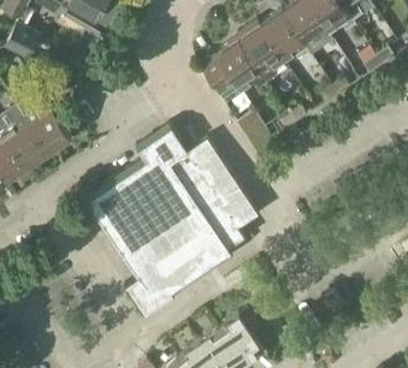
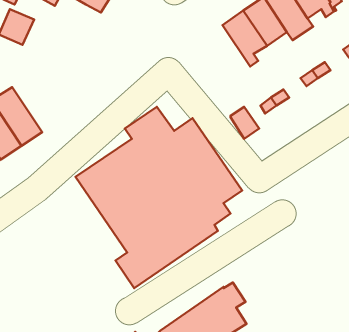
building: [201,41,267,102] -> none
building: [18,101,73,153] -> none

